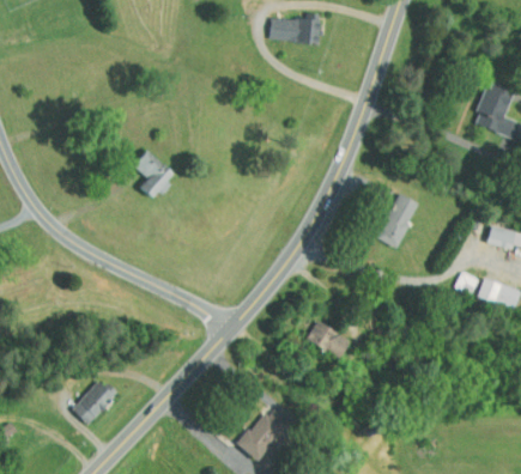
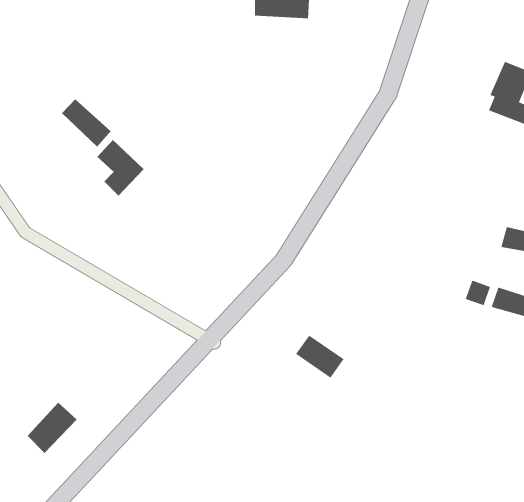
building: none -> [61,99,111,148]
building: [376,192,419,247] -> none
building: [237,407,287,460] -> none

